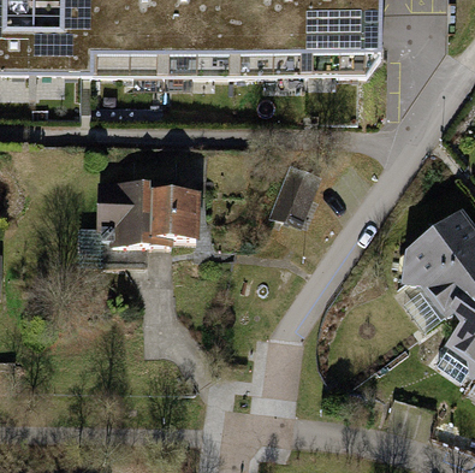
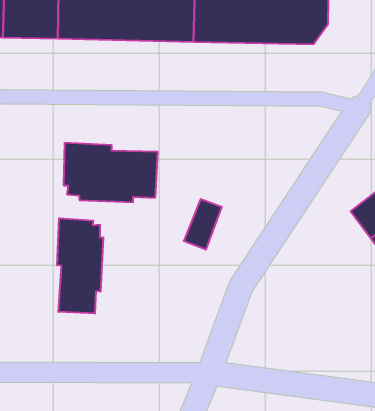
building: [273,167,314,221] -> [184,199,222,250]
building: none -> [57,218,103,314]

